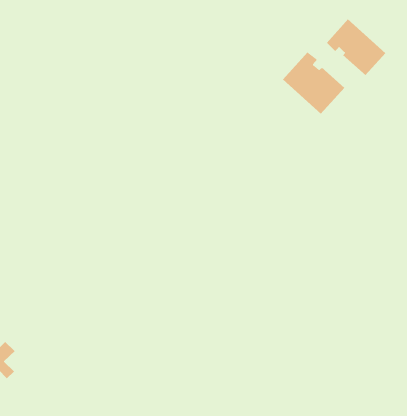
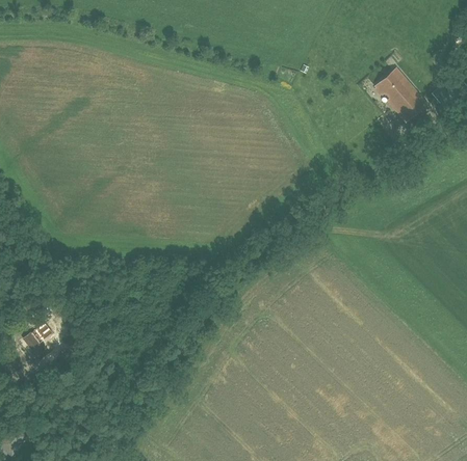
building: [282,51,345,115] -> none

